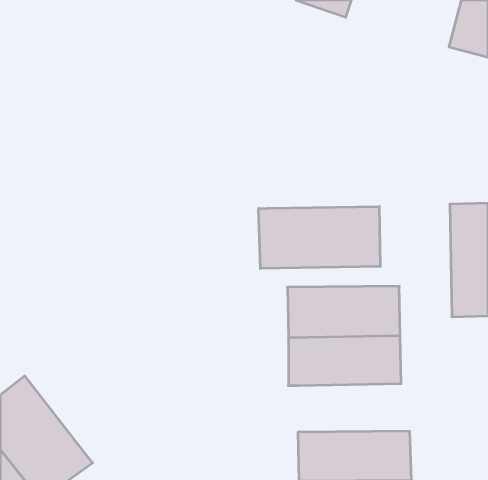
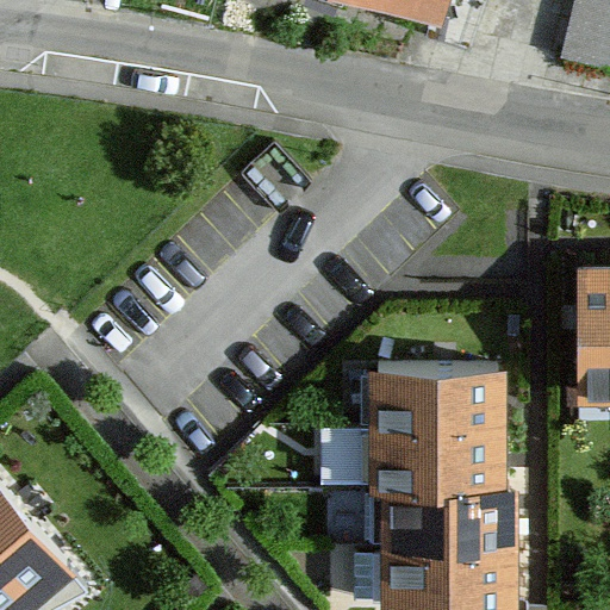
building: [259,206,380,269] -> none
building: none -> [372,488,511,549]

